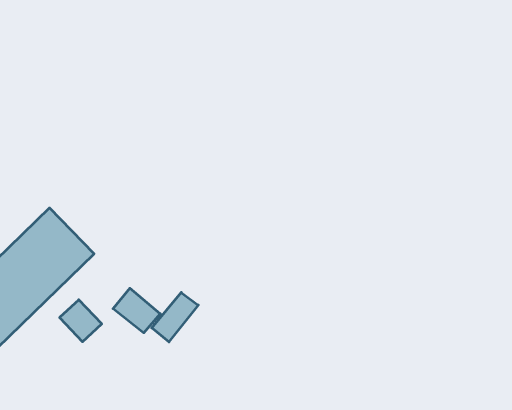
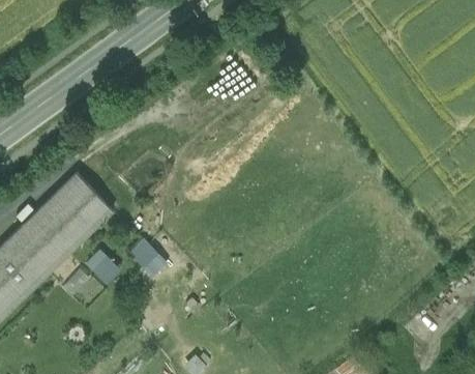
building: [152,292,198,342] -> none

